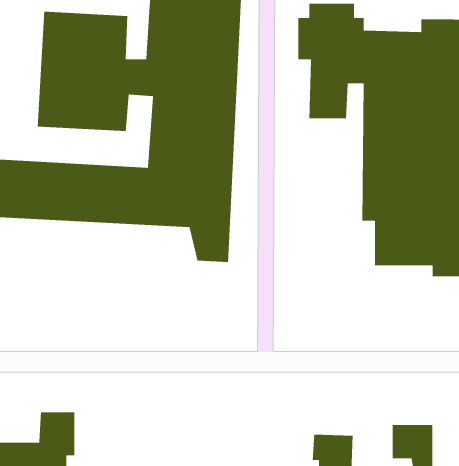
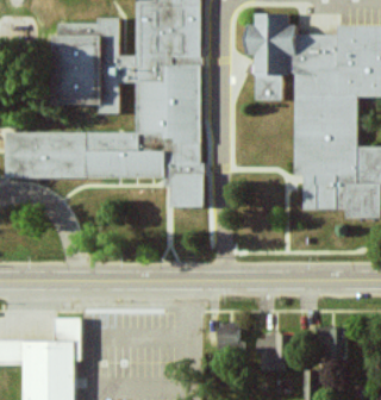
building: none -> [217,323,239,348]

